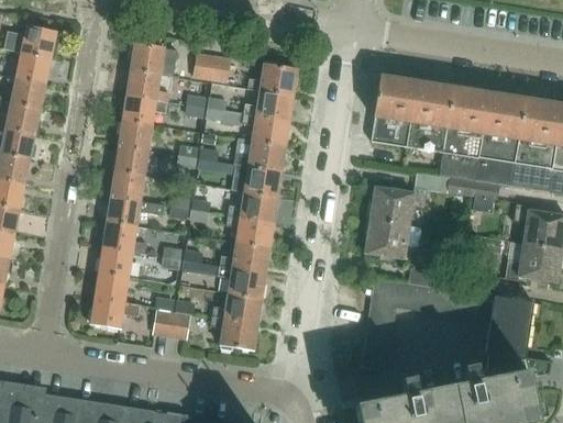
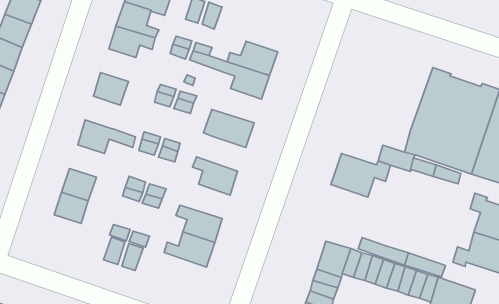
building: [247,63,297,93] -> none
building: [372,73,453,151] -> none
building: [118,119,151,148] -> none
building: [235,136,285,169] -> none
building: [110,169,143,199] -> none
building: [229,190,277,221] -> none
building: [364,219,421,264] -> none
building: [102,221,146,253] -> none
building: [220,241,269,271] -> none
building: [88,296,140,326] -> none
building: [210,315,257,348] -> none

